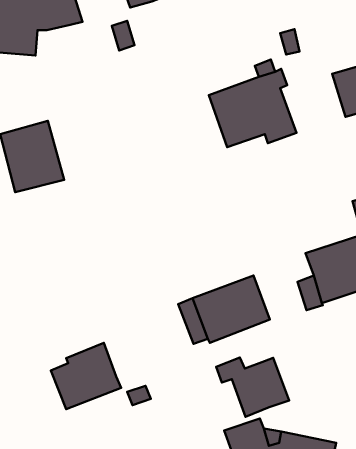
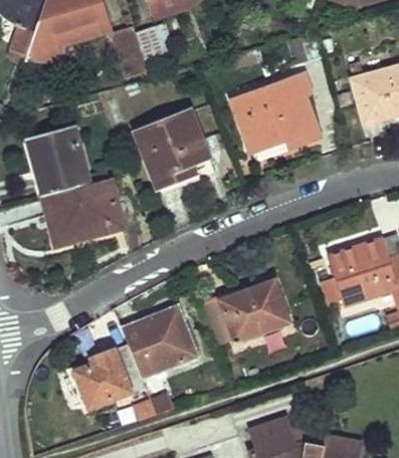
building: none -> [111,27,146,72]
building: none -> [136,111,208,188]
building: none -> [42,179,122,245]
building: none -> [123,307,197,378]
building: [216,357,289,417] -> none

